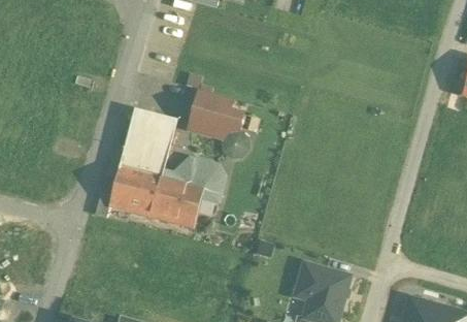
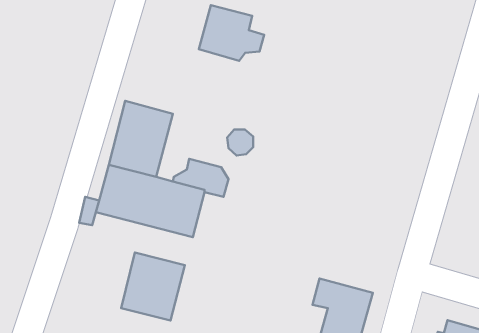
building: [187,89,243,137] -> [199,5,264,61]
building: none -> [121,252,185,320]

